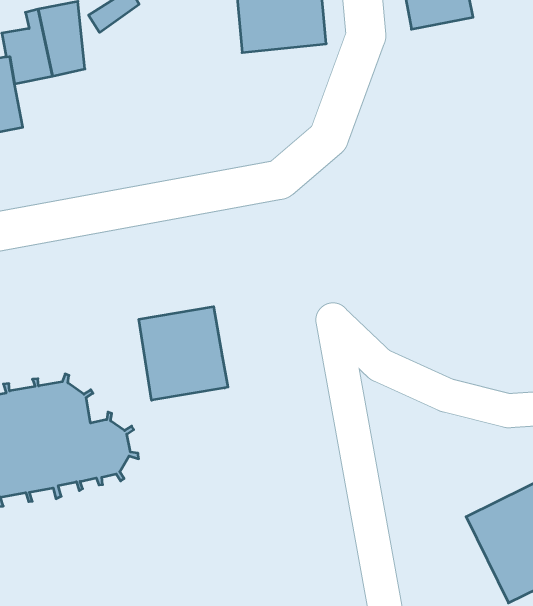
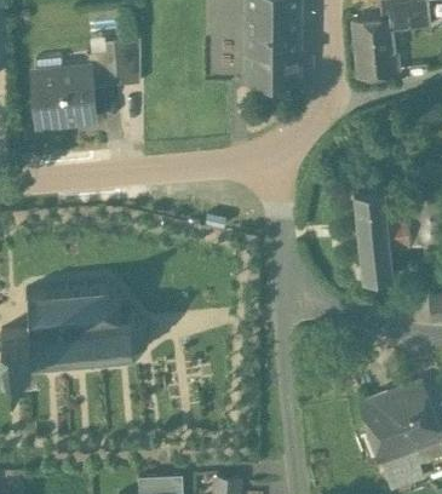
building: none -> [352,188,409,277]
building: [139,307,228,400] -> none

